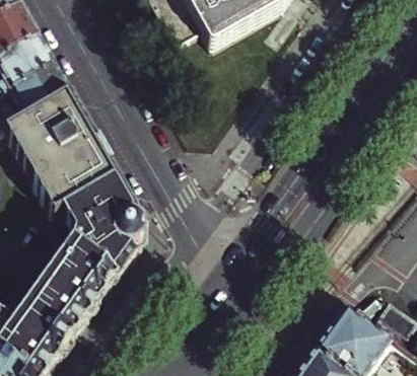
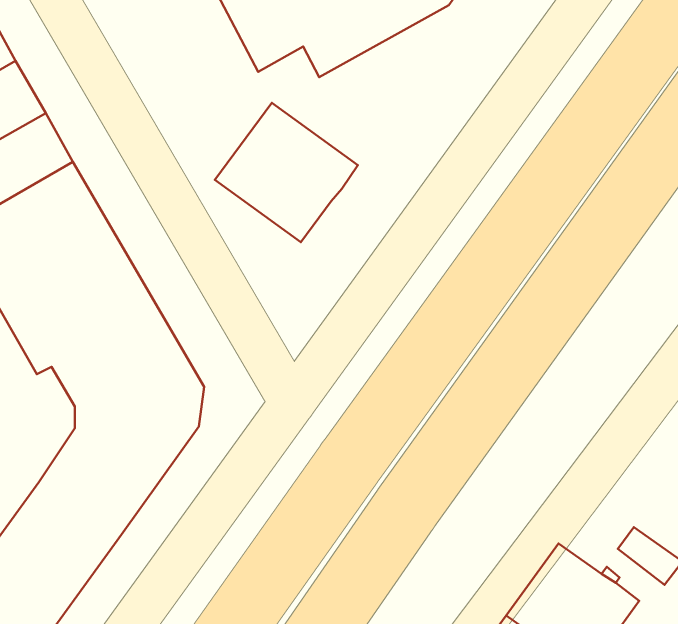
building: none -> [215,103,358,242]

